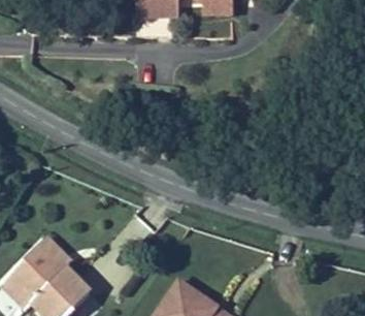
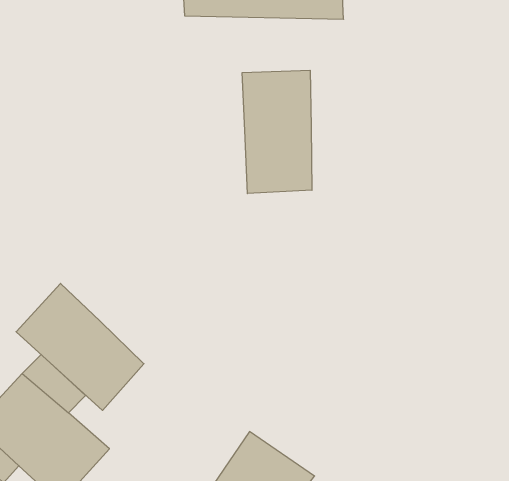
building: none -> [242,70,312,194]
building: none -> [16,283,144,410]

